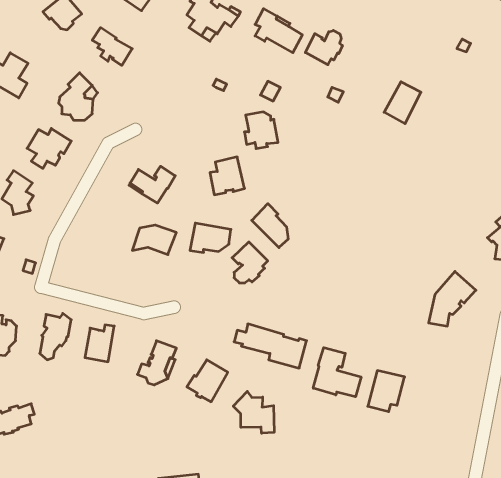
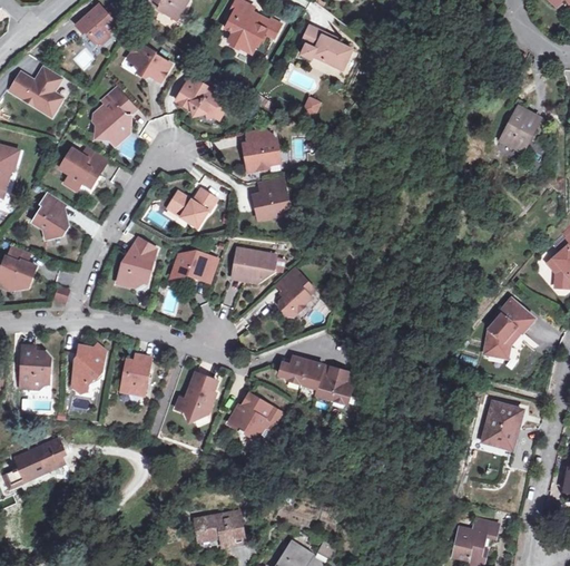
building: [305,30,342,65] -> none
building: none -> [175,82,227,118]
building: [384,82,421,124] -> [501,109,540,154]
building: [244,112,278,149] -> [244,130,279,169]
building: [252,204,288,248] -> none
building: none -> [117,238,156,287]
building: [313,348,361,397] -> none
building: [368,371,405,412] -> [483,409,522,452]
building: [233,391,274,433] -> none

